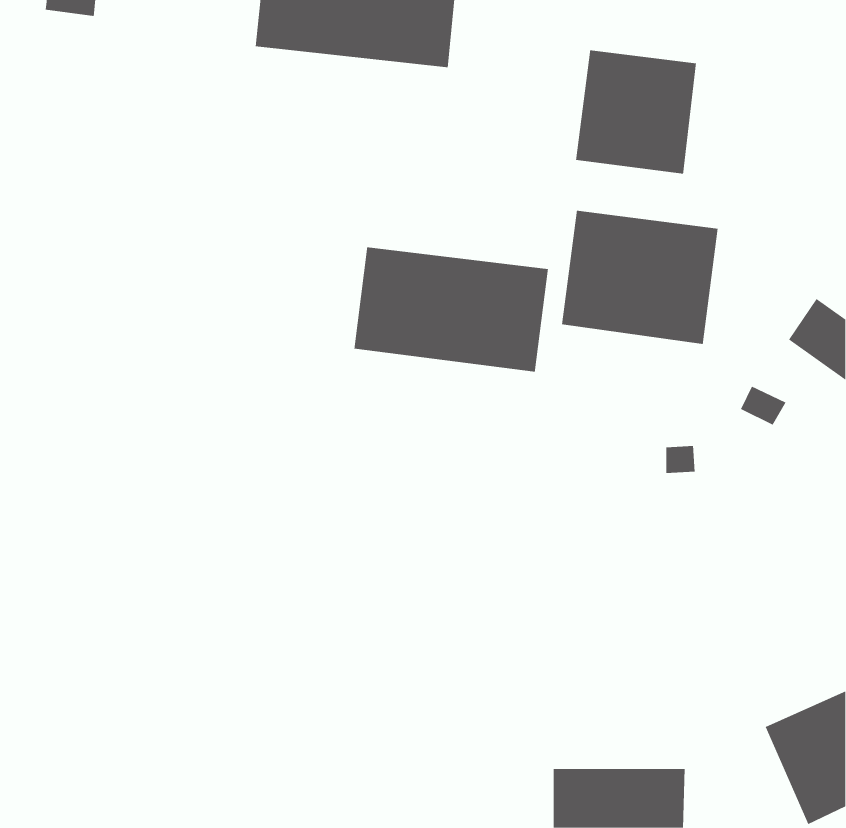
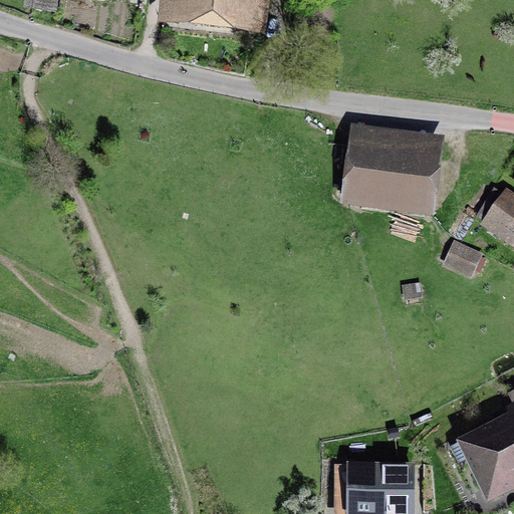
building: [575,49,696,174] -> none
building: [354,246,549,373] -> none

